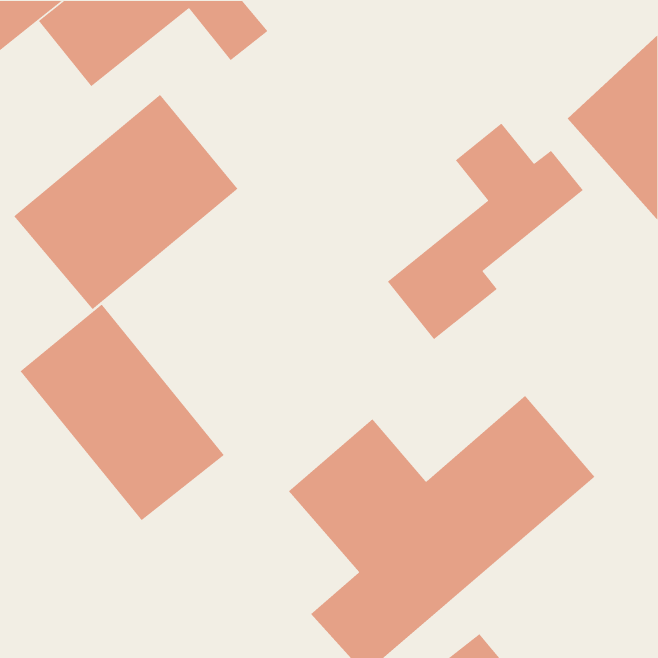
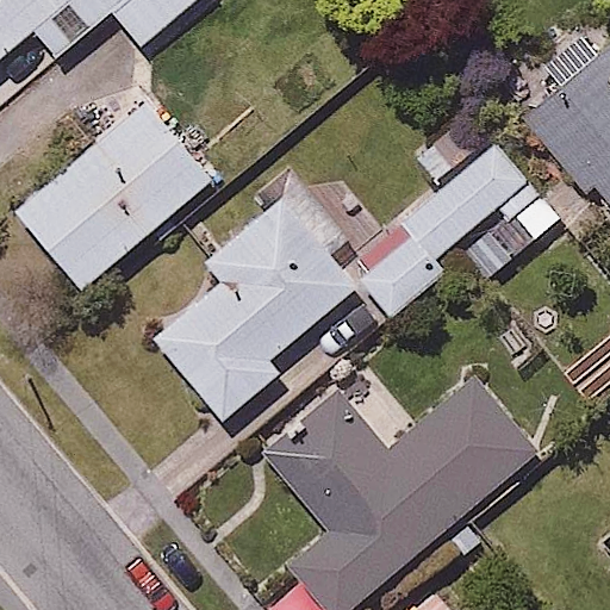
building: none -> [152,192,355,427]
building: [19,303,225,521] -> none

